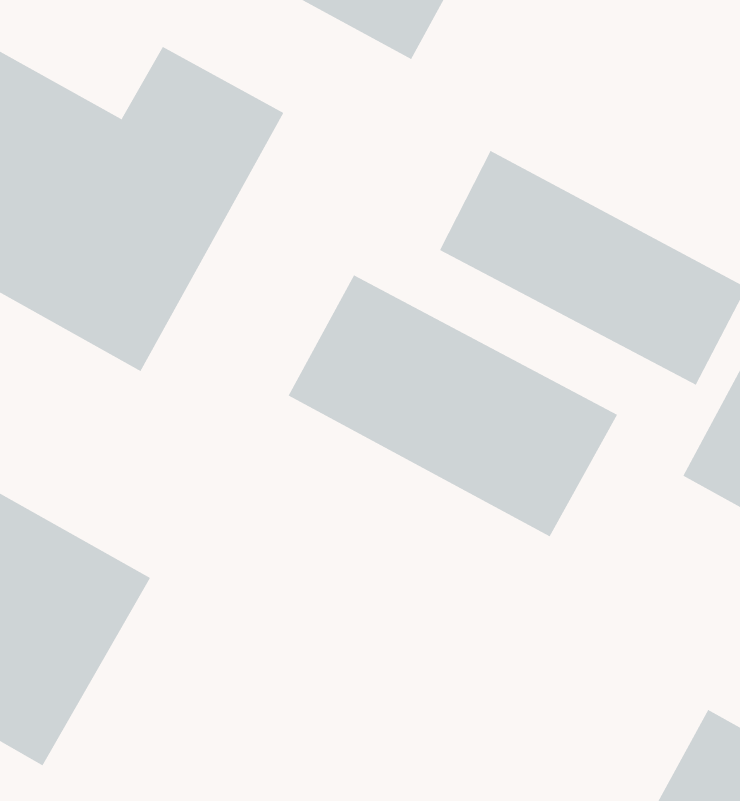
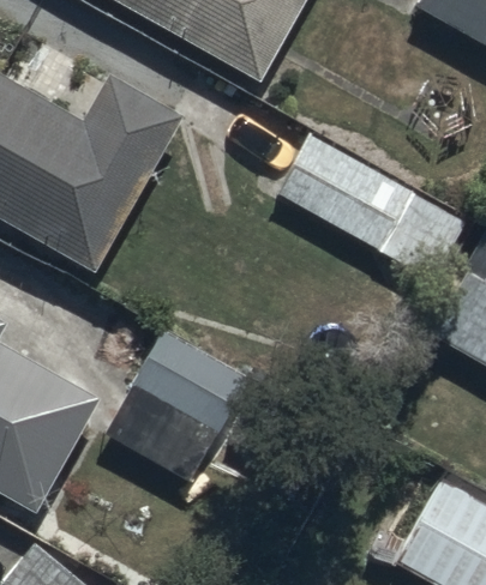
building: [288,275,618,537] -> none
building: none -> [103,332,300,486]

